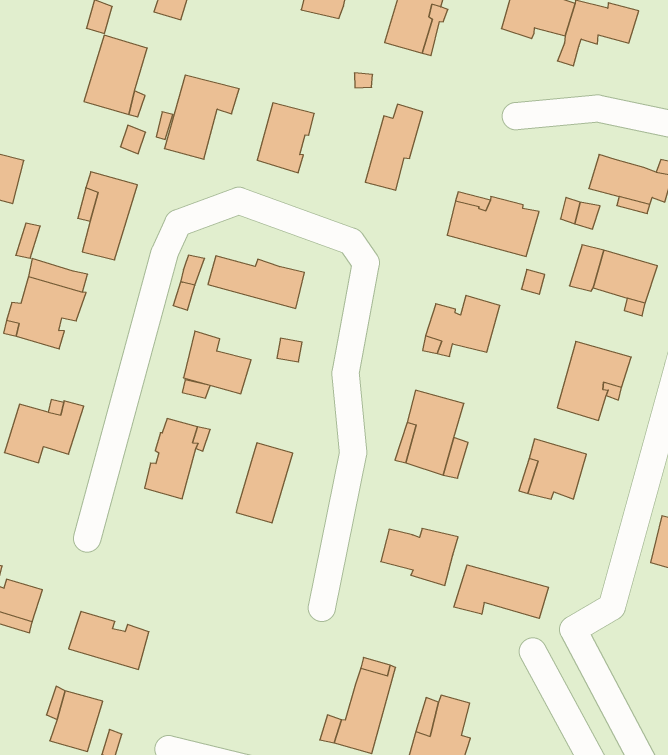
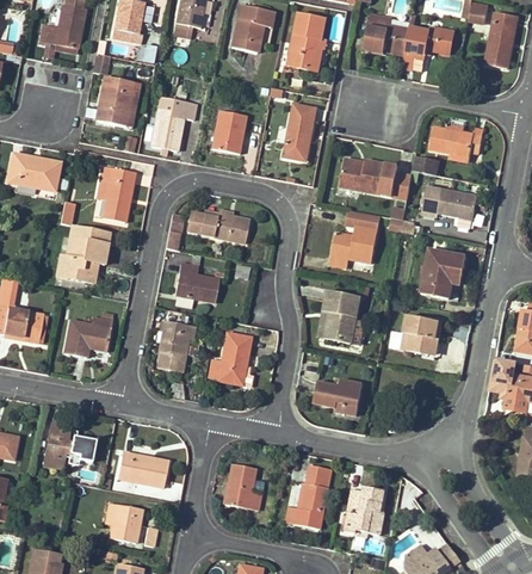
building: [454,565,548,618] -> none
building: none -> [223,463,260,510]

